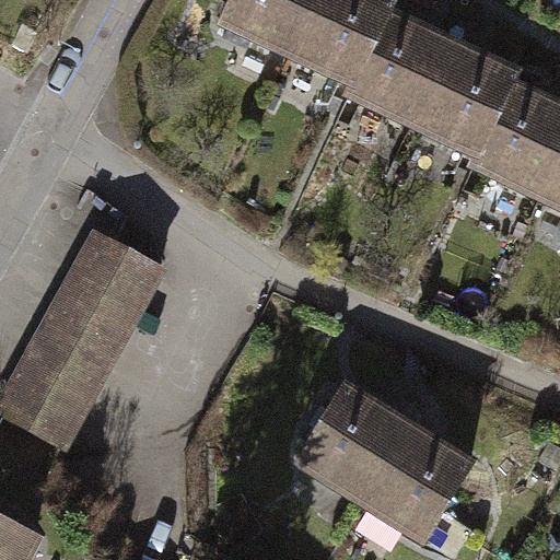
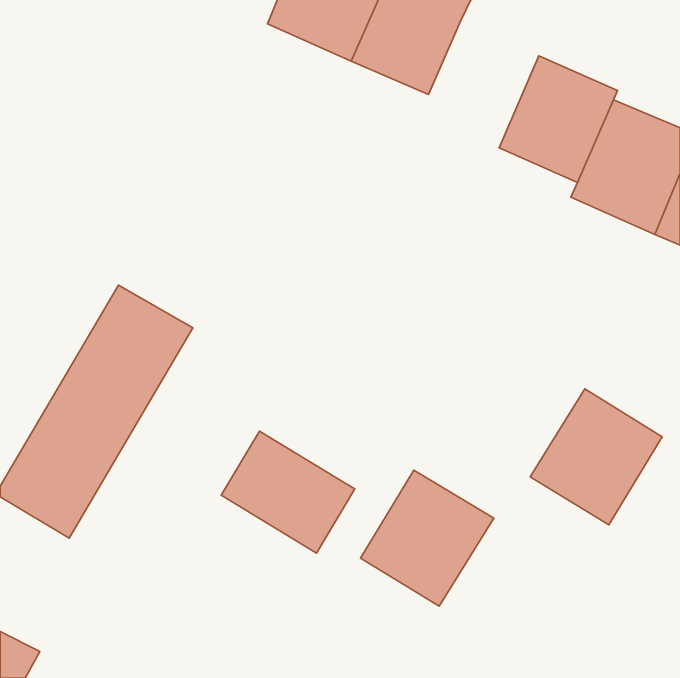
building: [346,18,443,121] -> none
building: none -> [221,431,355,553]
building: [361,425,469,537] -> [530,389,662,525]

